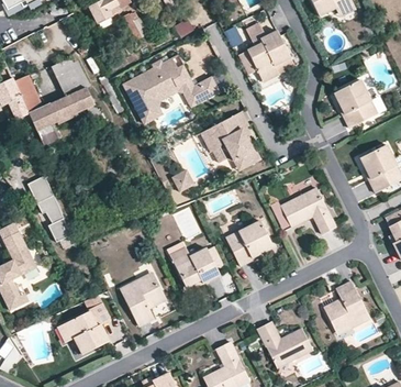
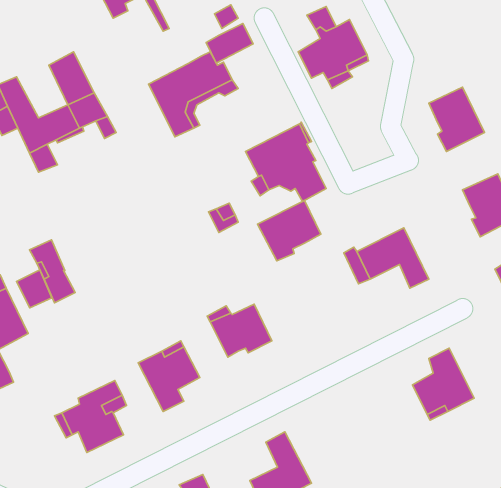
building: [183,75,219,104] -> [206,23,253,63]
building: [27,176,54,204] -> [17,270,52,308]
building: [224,218,271,263] -> [258,201,321,261]
building: [256,320,311,365] -> none

